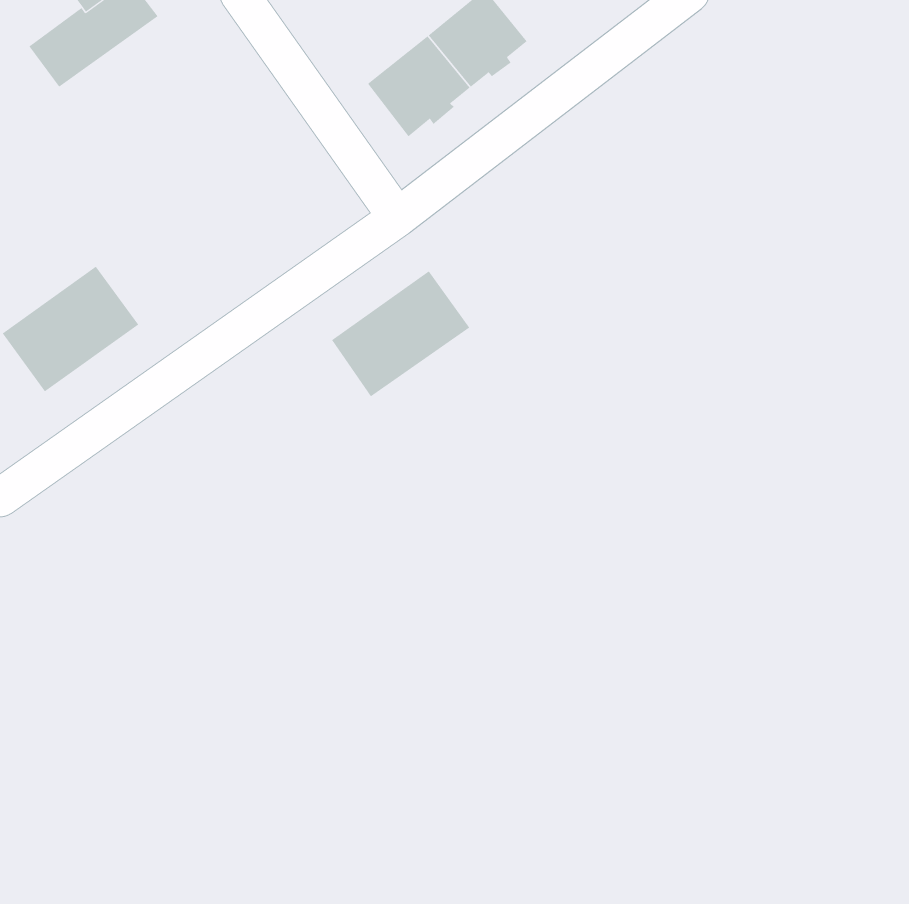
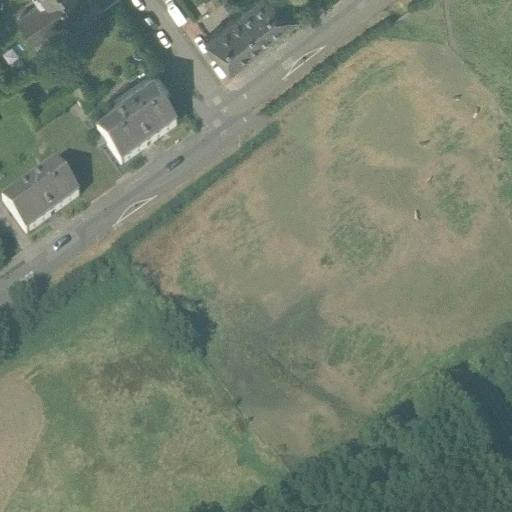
building: [331,271,470,397] -> [99,80,177,151]

